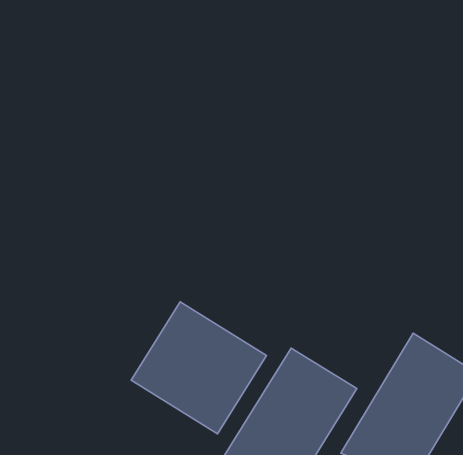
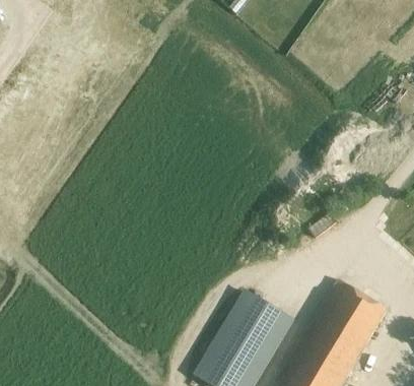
building: [131,302,267,434] -> none

